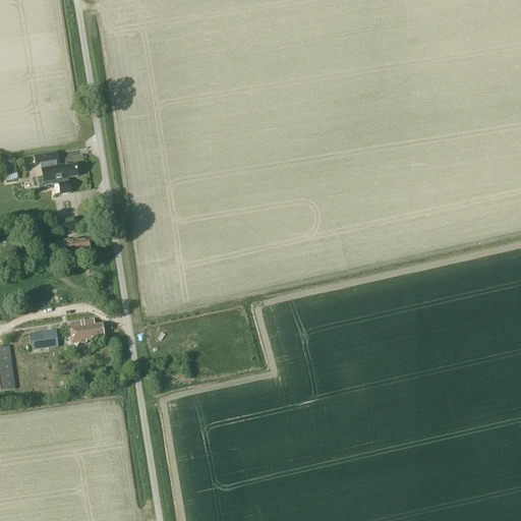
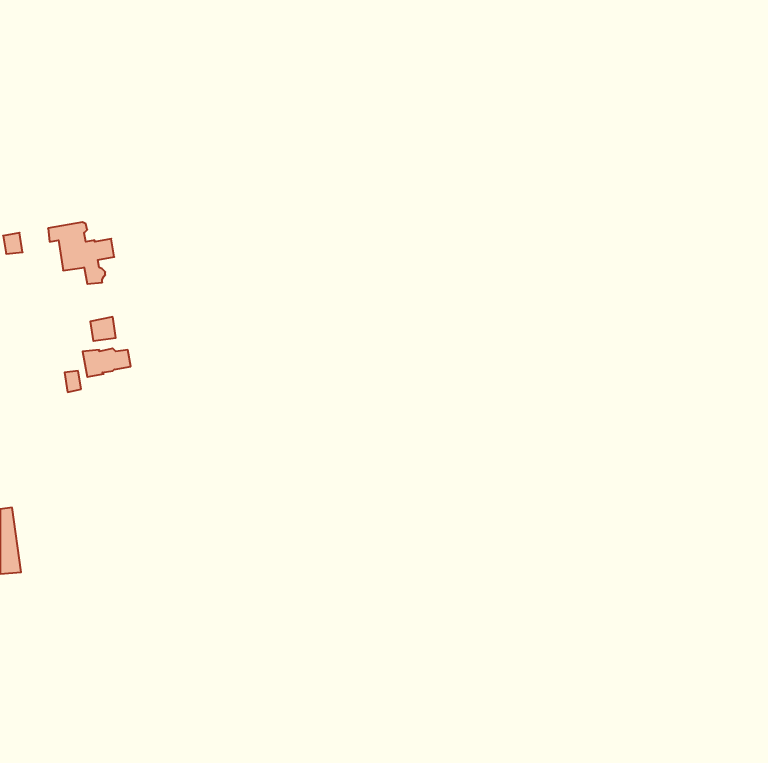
building: [68,317,104,343] -> none
building: [28,328,57,349] -> none

